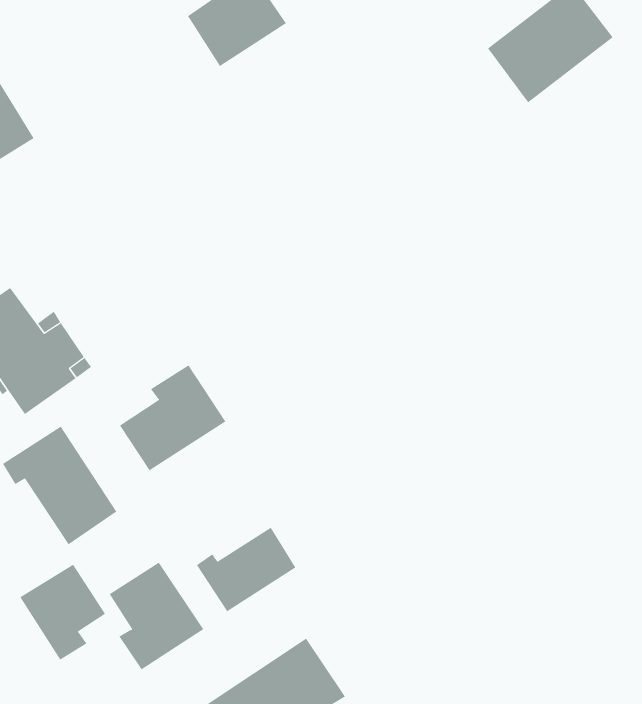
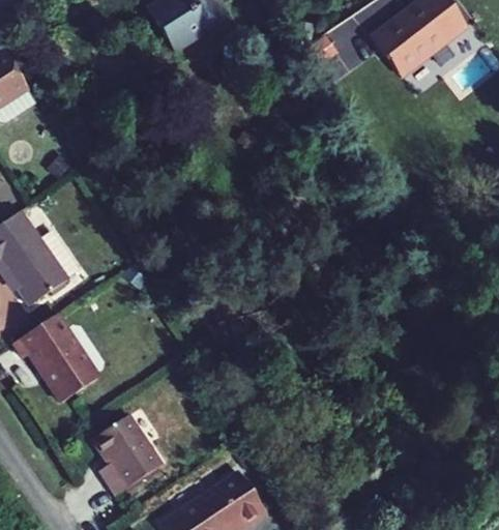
building: [119,364,226,471] -> none
building: [196,527,296,612] -> none
building: [19,564,106,660] -> none

